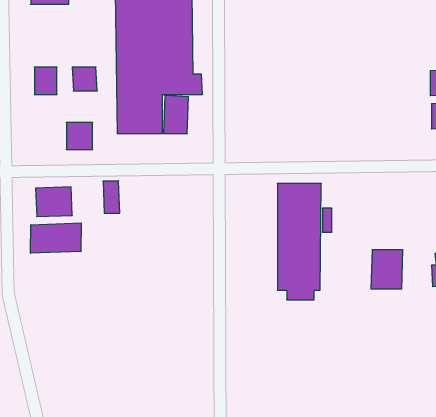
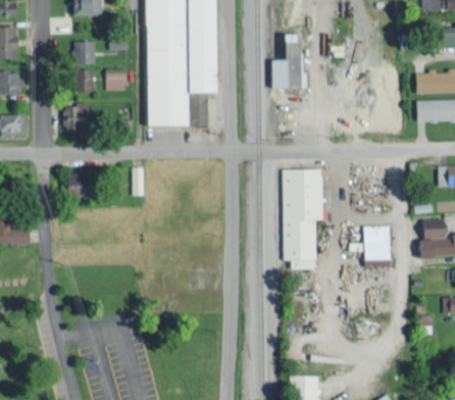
building: none -> [268,35,307,89]
building: none -> [74,42,95,64]
building: [66,122,93,150] -> [69,103,92,127]
building: [31,223,81,253] -> none

